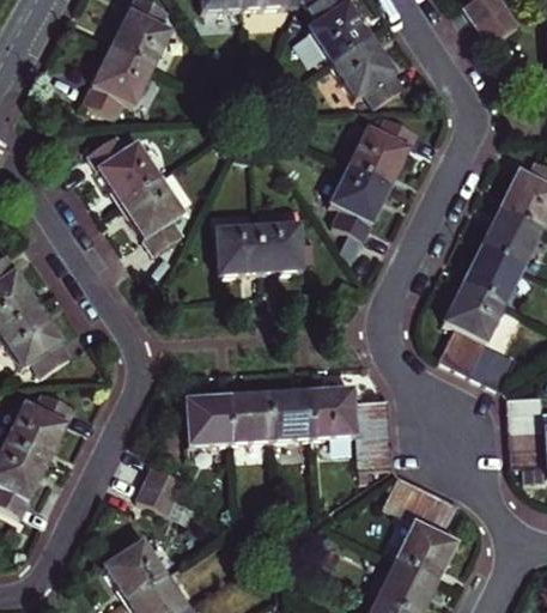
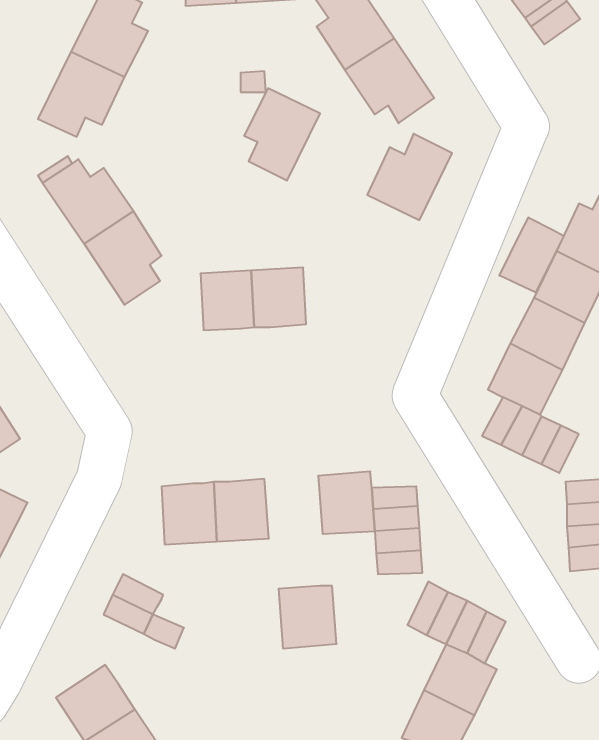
building: [329,163,390,237] -> [244,88,320,180]
building: none -> [499,217,564,292]
building: [266,389,312,439] -> [278,586,337,648]

